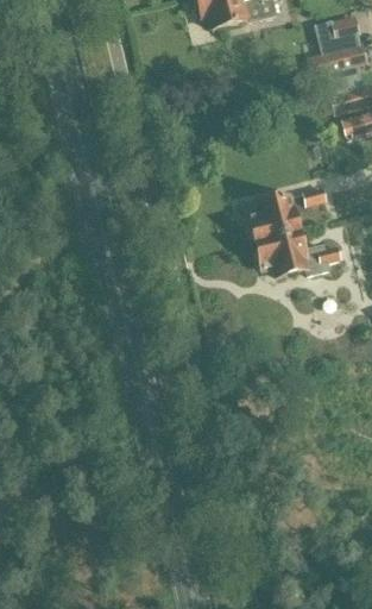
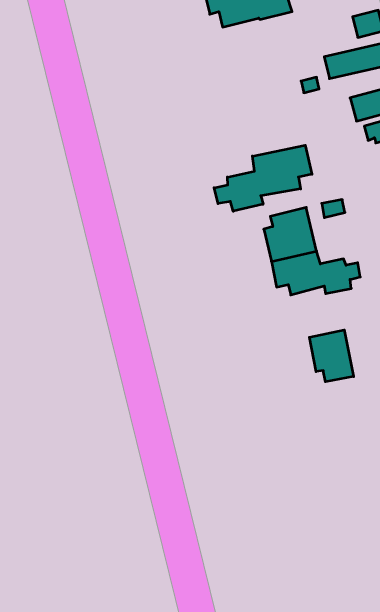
building: none -> [214,145,312,211]
building: none -> [309,330,354,382]

